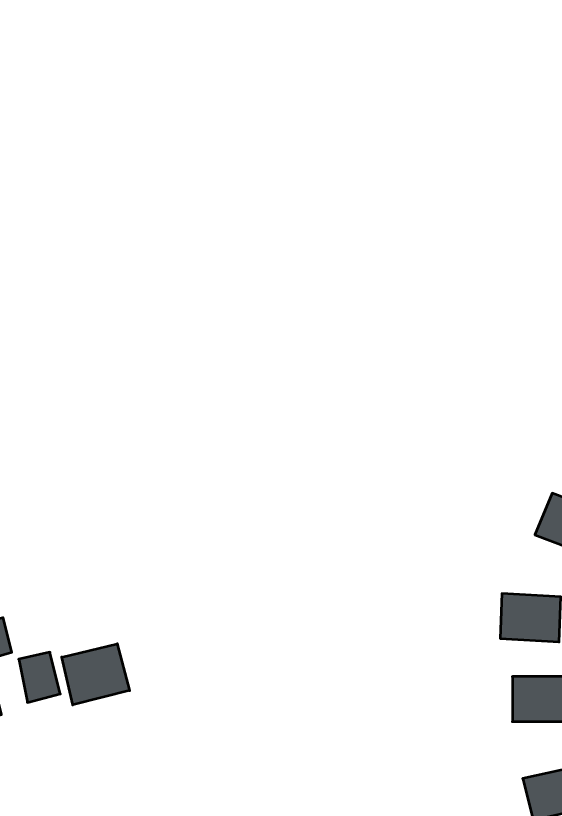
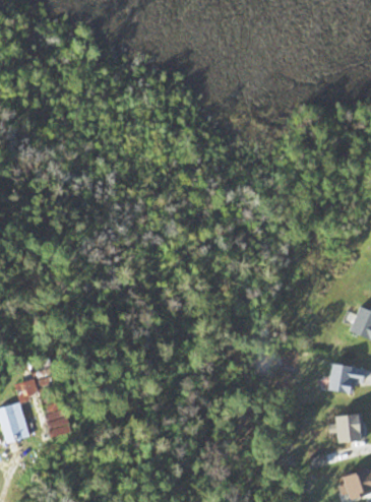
building: [62,644,130,705] -> none

